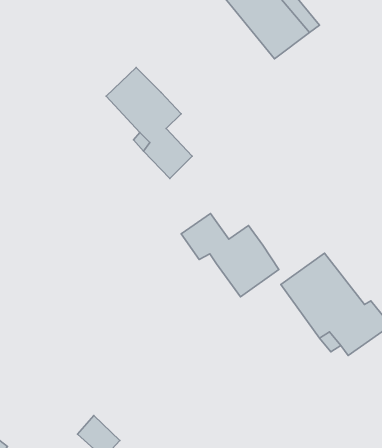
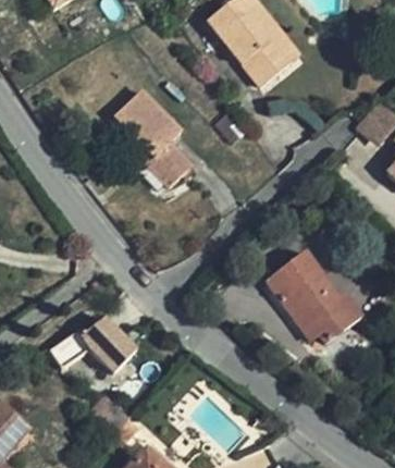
building: [181,213,279,297] -> none
building: none -> [50,309,137,369]

